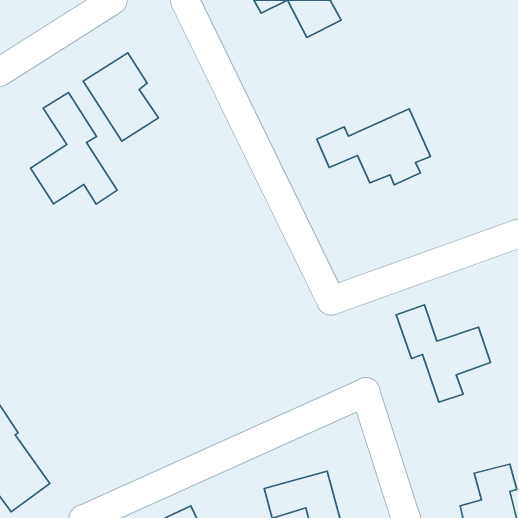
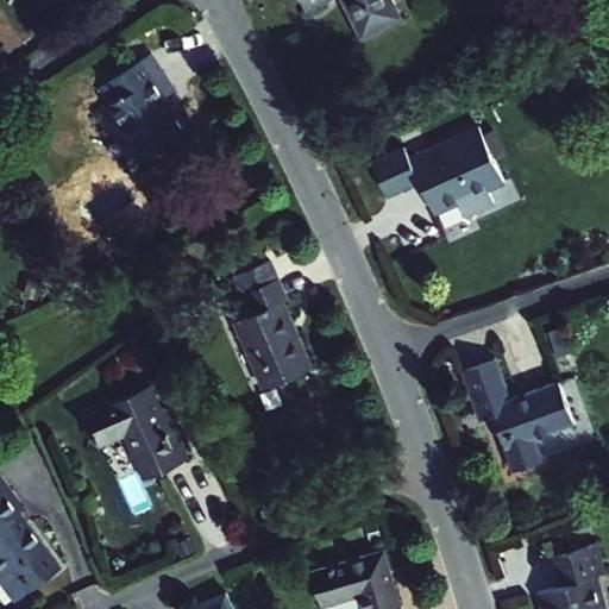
building: [31,92,117,204] -> none
building: none -> [232,263,312,390]
building: none -> [81,388,189,482]

